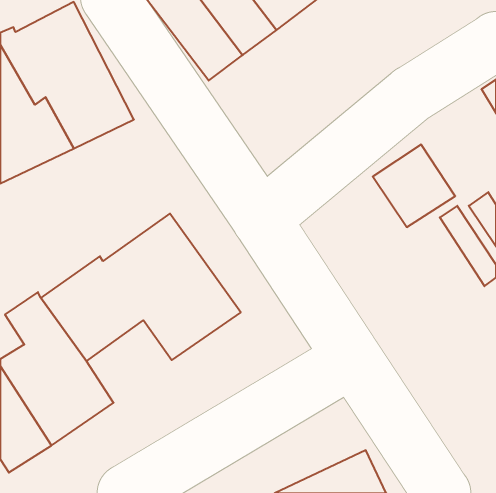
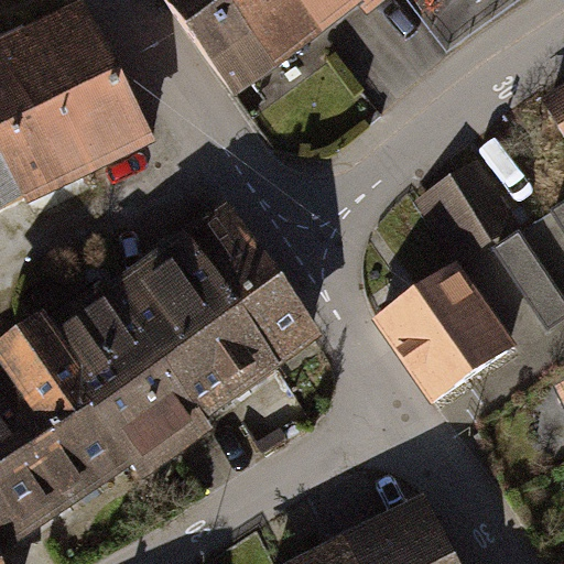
building: none -> [193,215,311,355]
building: none -> [380,270,510,401]
building: none -> [98,364,207,473]

